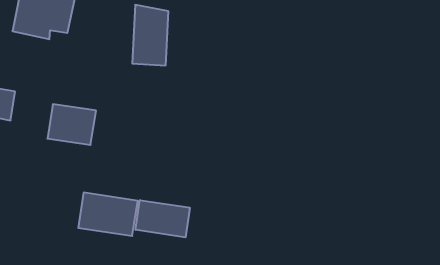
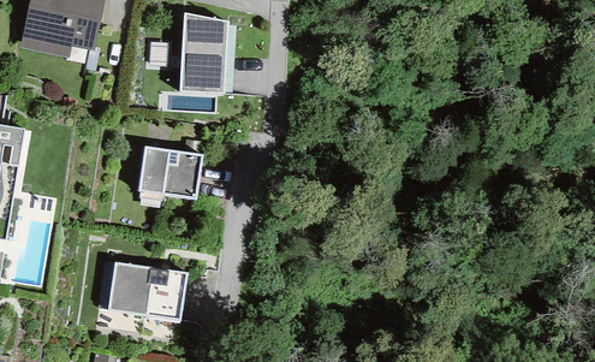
building: [47,104,96,145] -> [137,146,202,200]
building: [136,200,190,237] -> none

